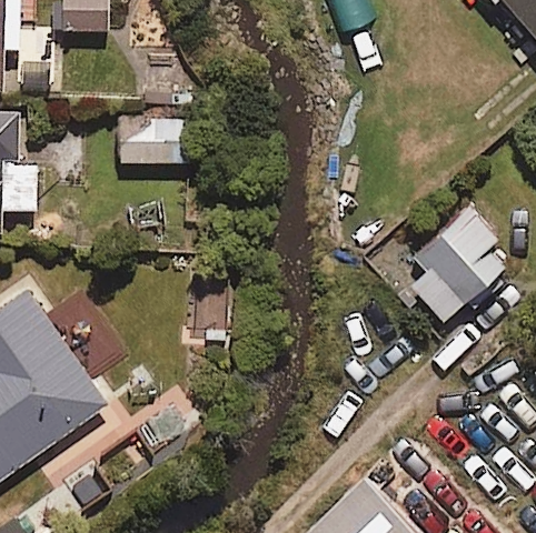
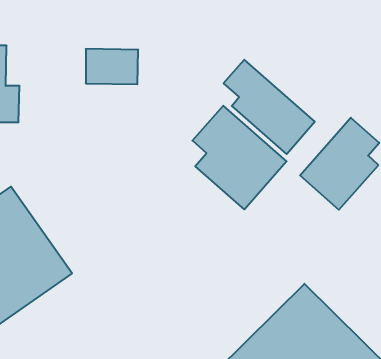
building: none -> [224,60,315,154]
building: none -> [192,106,287,209]

